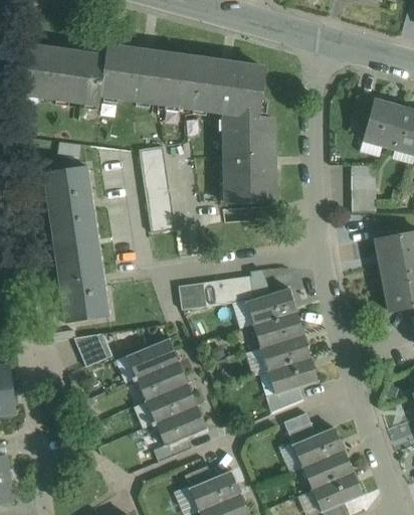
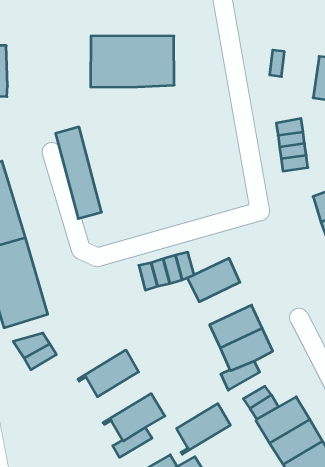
building: [101,45,187,107] -> none
building: [363,100,400,146] -> none
building: [224,113,273,204] -> none
building: [178,282,205,309] -> none
building: [254,311,303,347] -> none
building: [128,337,178,381] -> none
building: [146,382,197,425] -> [177,404,230,454]

